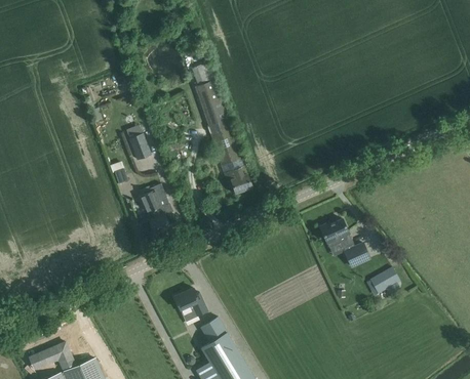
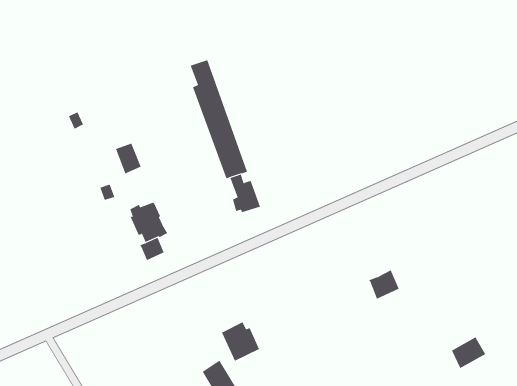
building: [319,218,352,250] -> none
building: [369,265,399,293] -> [451,336,486,369]
building: [173,287,206,321] -> [221,322,260,361]

